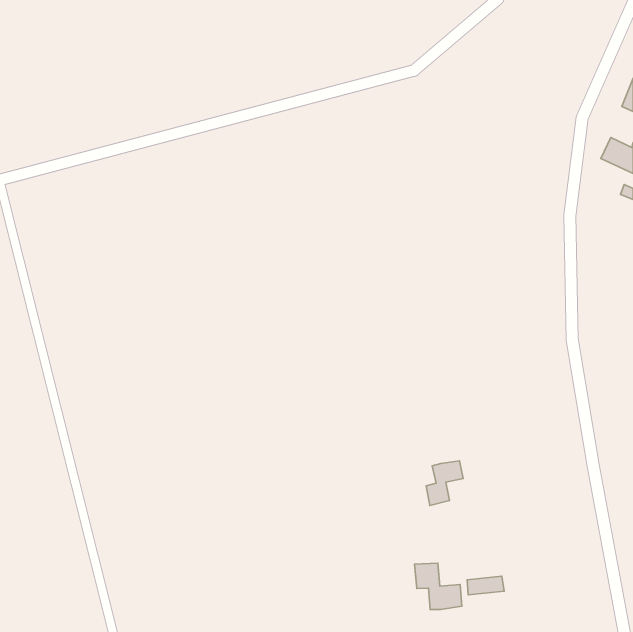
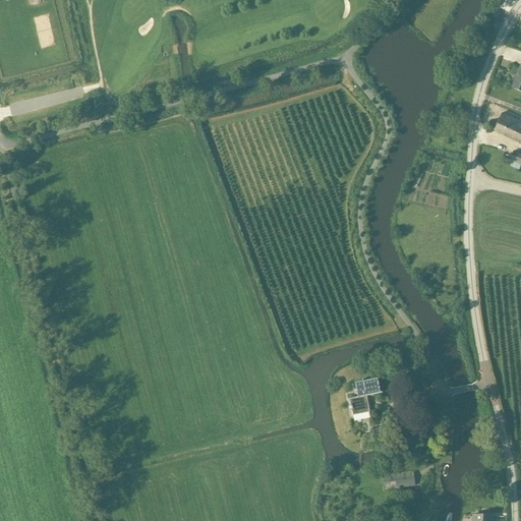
building: [414,563,462,610] -> none

